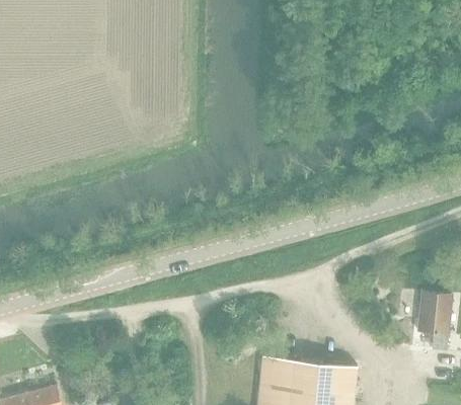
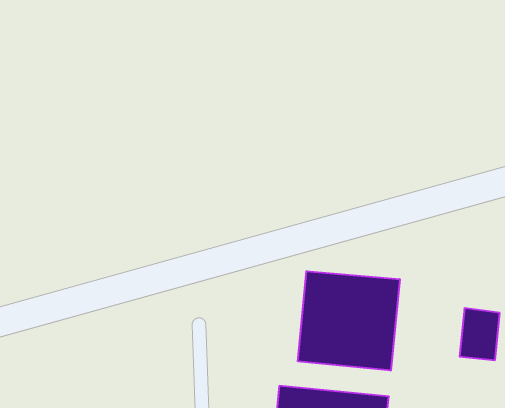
building: none -> [298,271,400,371]

